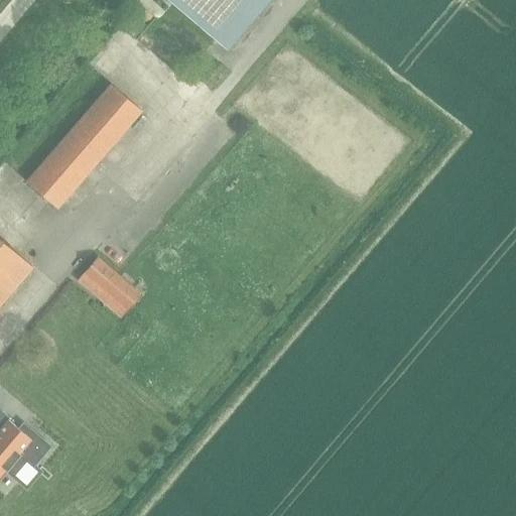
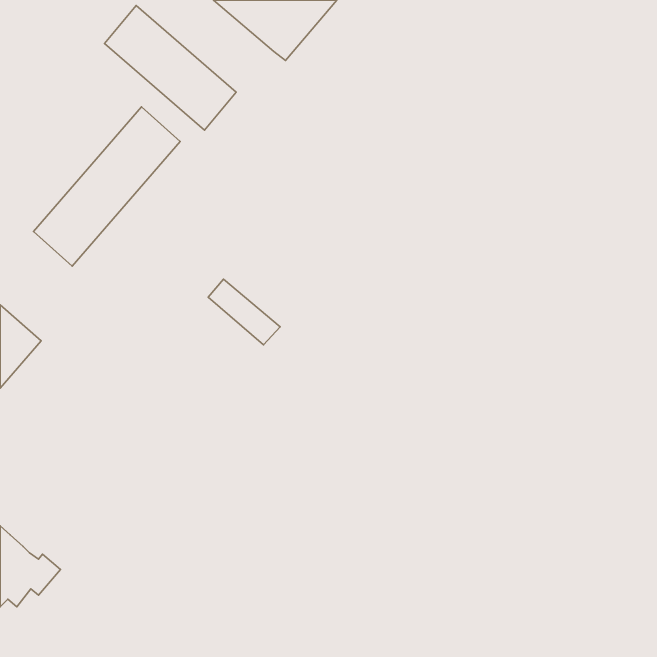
building: none -> [104,6,236,130]
building: [86,257,142,308] -> [208,279,280,345]

